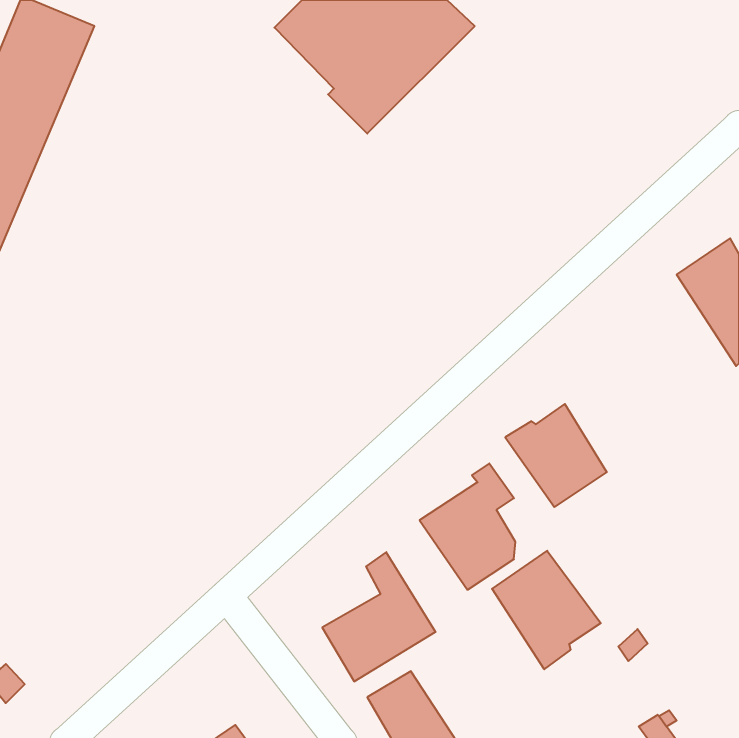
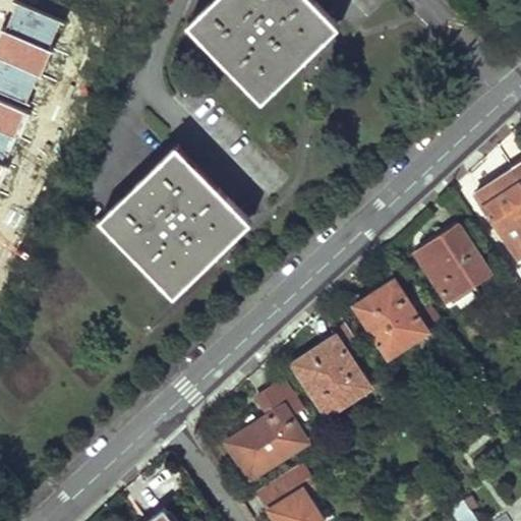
building: none -> [106,153,246,291]
building: none -> [413,227,489,304]
building: [492,551,601,669] -> none

